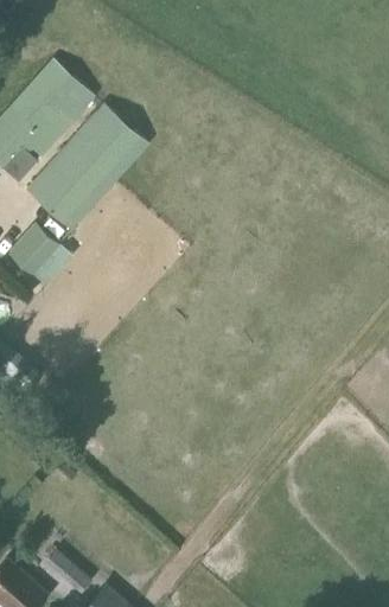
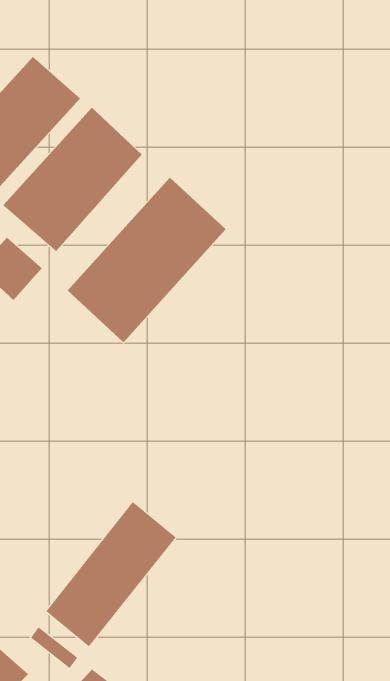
building: none -> [67,177,226,343]
building: none -> [45,501,177,647]

